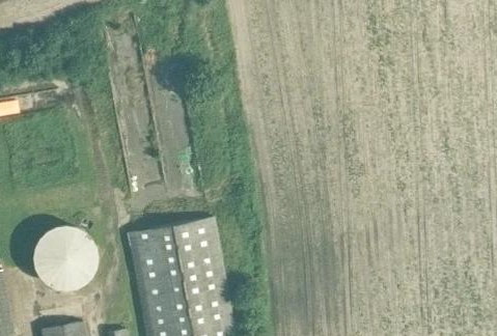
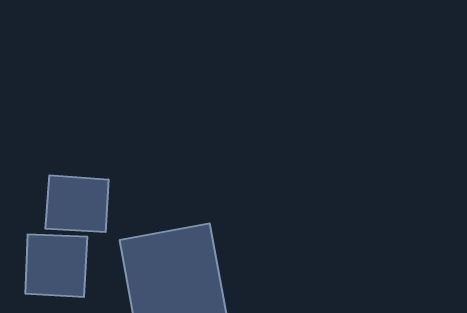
building: none -> [45,175,108,232]

